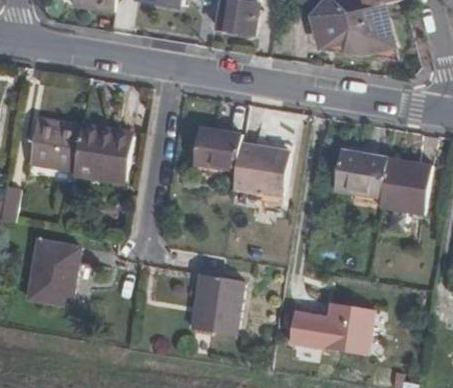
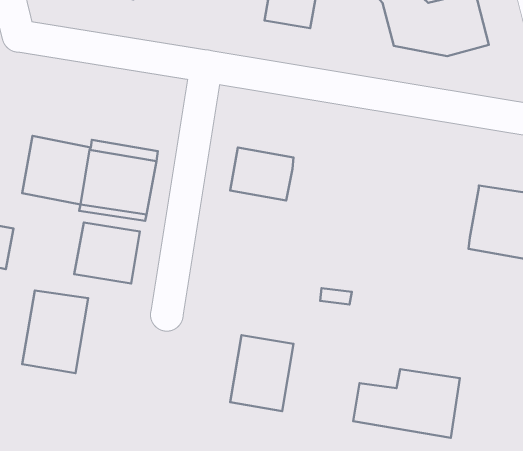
building: [231,143,287,195] -> none
building: [332,149,386,197] -> none
building: none -> [74,223,140,283]

